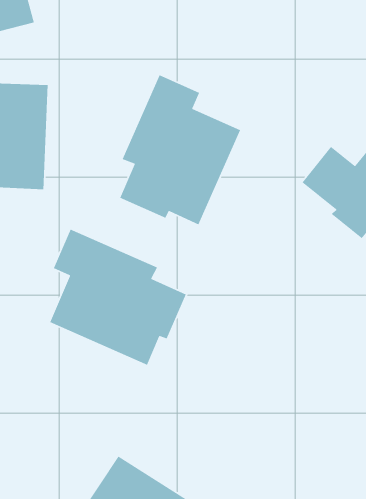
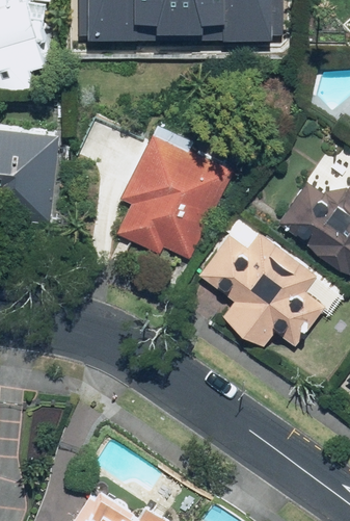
building: none -> [201,234,327,349]
building: [49,229,187,366] -> none

